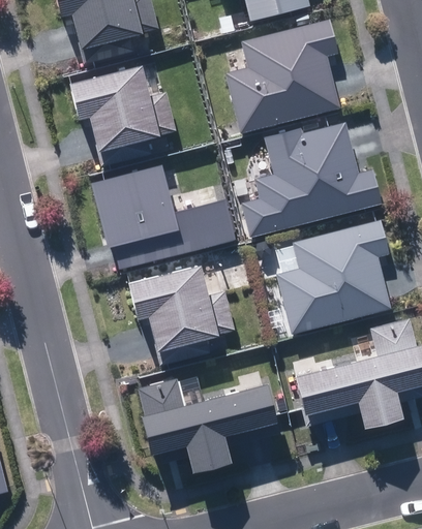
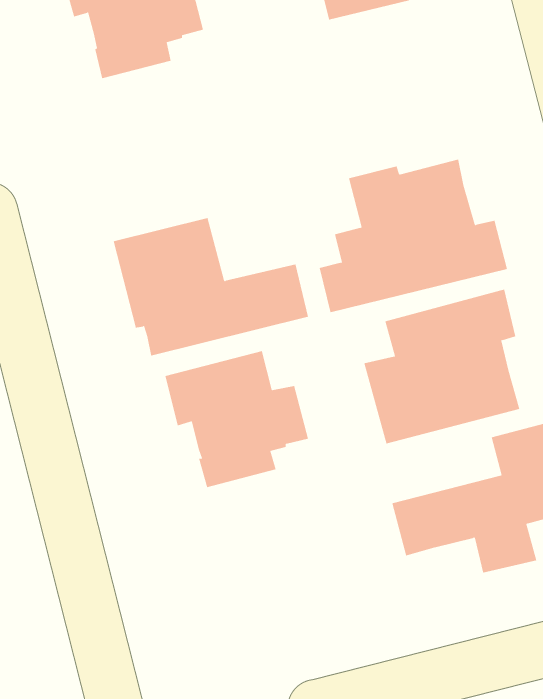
building: [225,19,342,134] -> none
building: [69,65,176,166] -> none
building: [138,378,277,472] -> none

